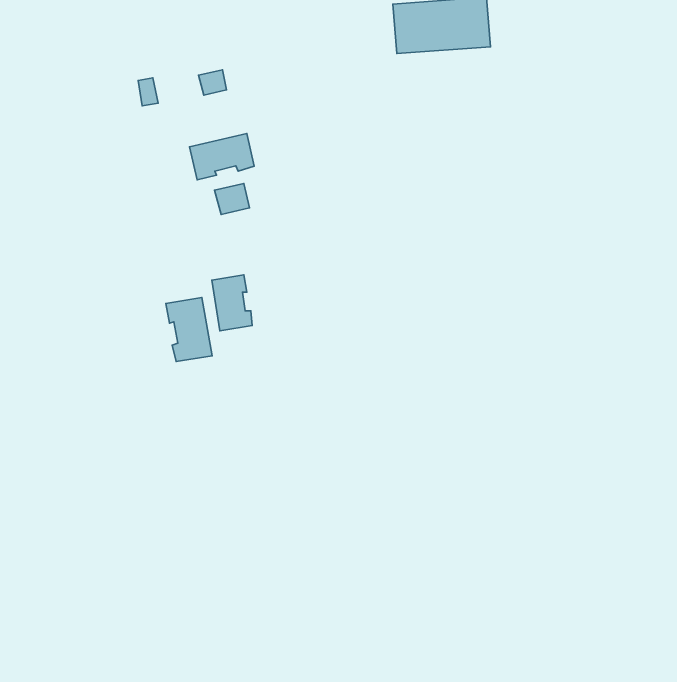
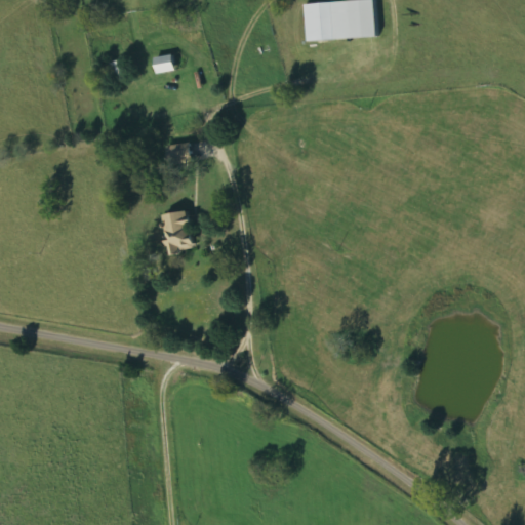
building: [190,133,254,180] -> none
building: [166,297,212,362] -> none

